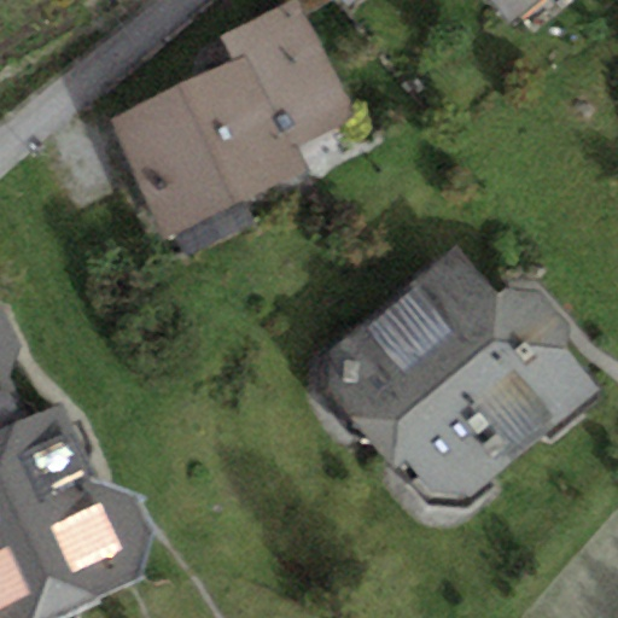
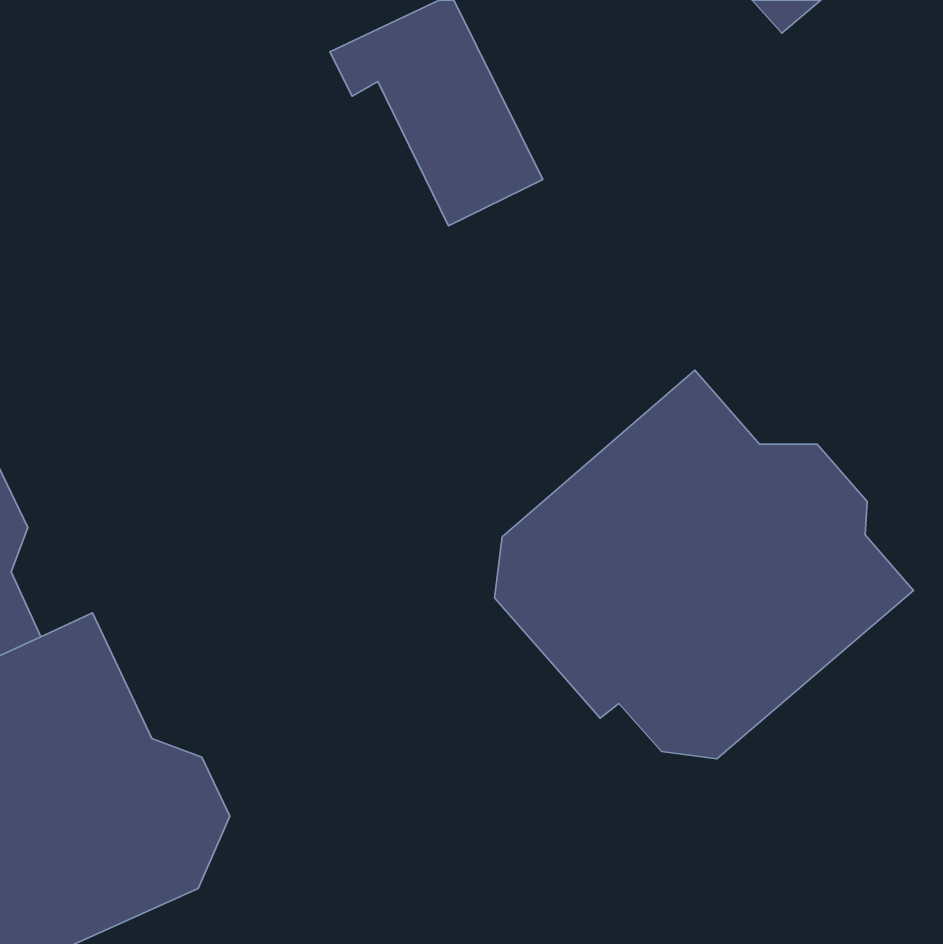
building: [106,54,302,257] -> none

